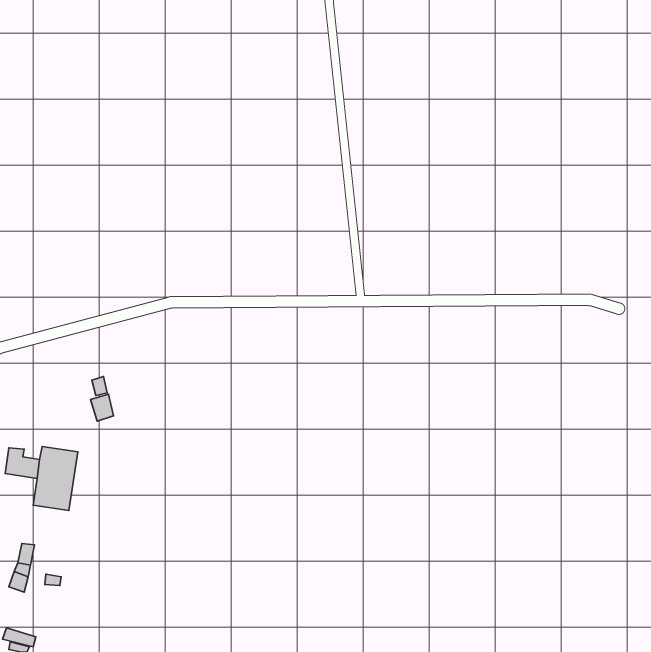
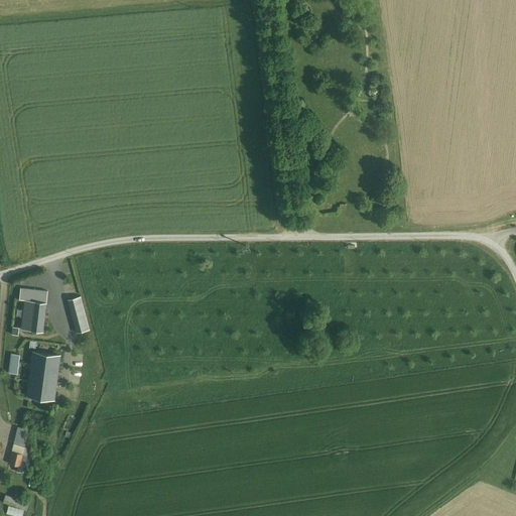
building: none -> [14,290,49,332]

